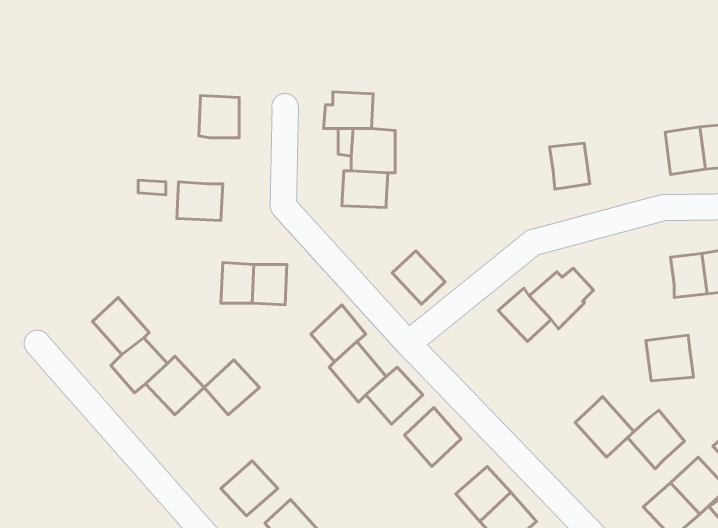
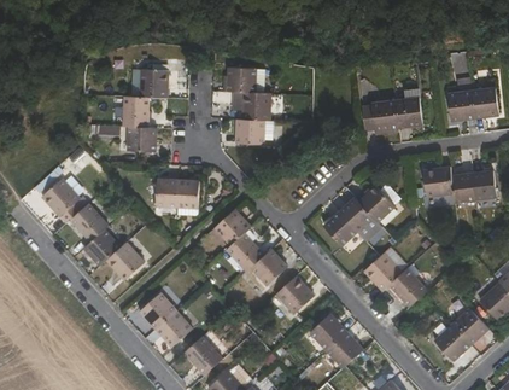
building: none -> [122,95,147,127]
building: none -> [393,97,421,127]
building: [392,251,445,304] -> [321,210,356,245]
building: none -> [41,177,87,222]
building: [646,335,694,381] -> [421,165,452,196]
building: [204,360,259,415] -> [139,291,175,327]
building: [628,410,684,469] -> [363,251,400,290]

